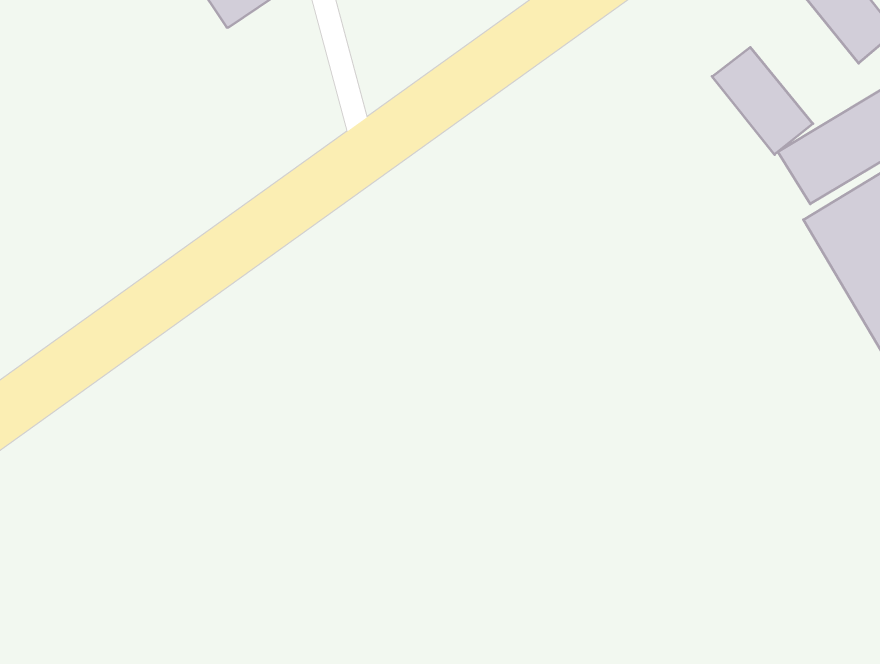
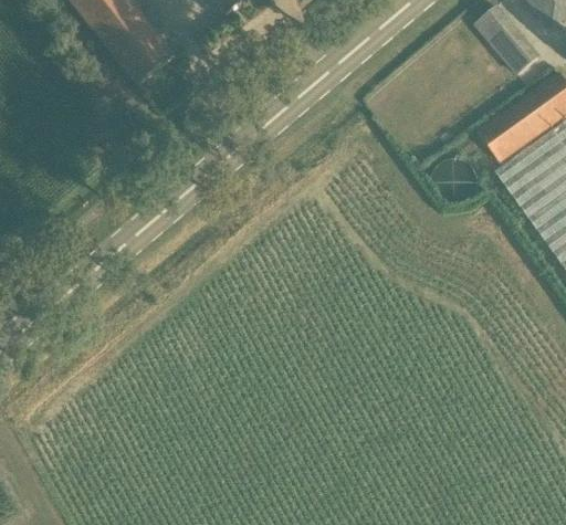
building: [712,47,813,155] -> none

